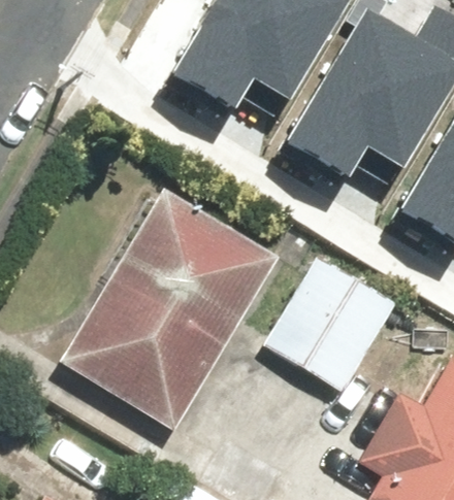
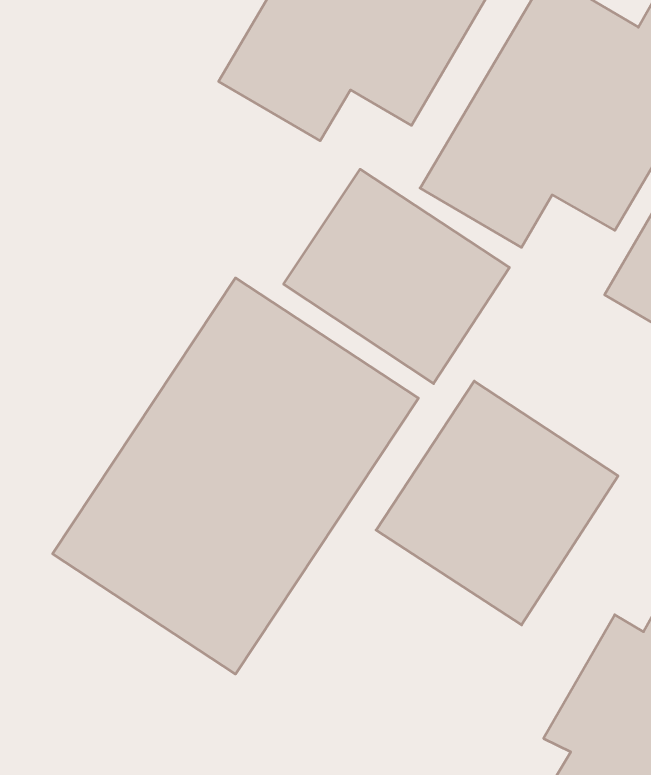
building: none -> [284,169,509,384]

